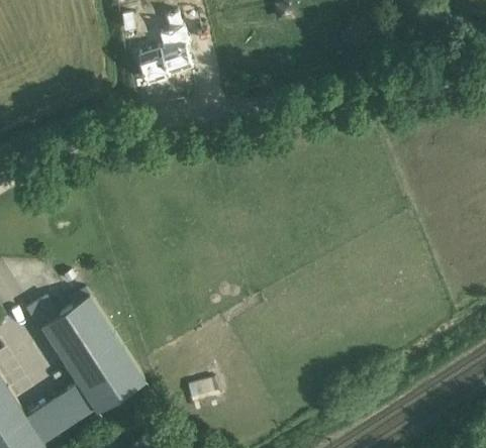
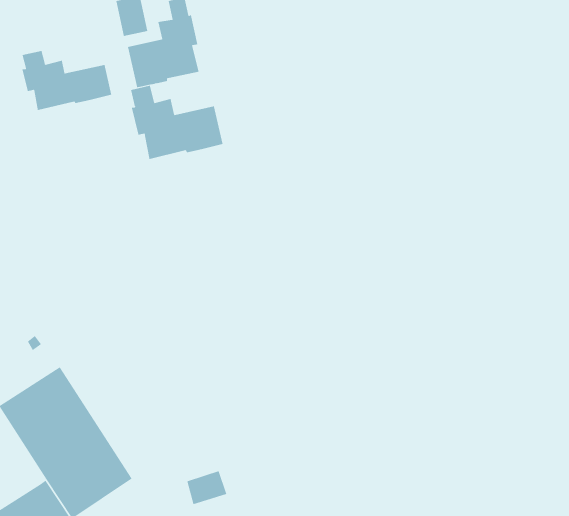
building: none -> [22,50,112,111]
building: none -> [130,85,223,160]

